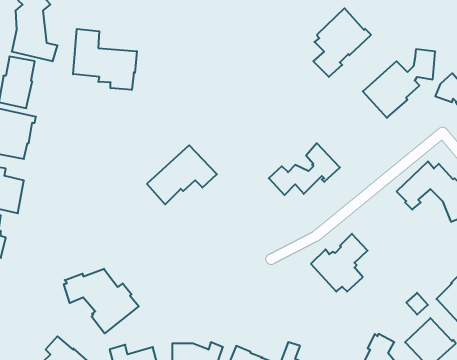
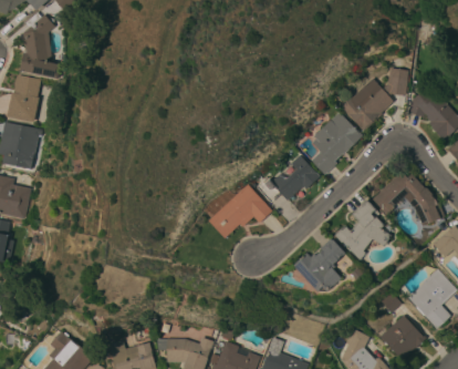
building: [313,8,371,77] -> [310,111,363,174]
building: [73,29,137,90] -> none
building: [147,145,217,204] -> [208,184,272,238]
building: none -> [334,199,392,259]
building: [64,269,139,333] -> none

